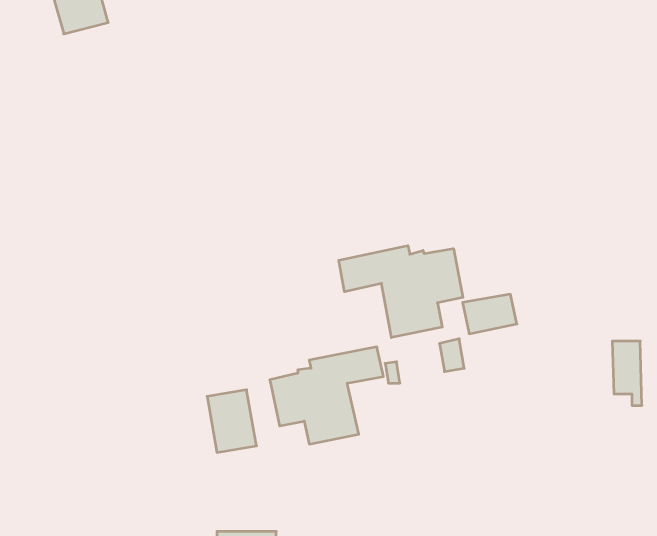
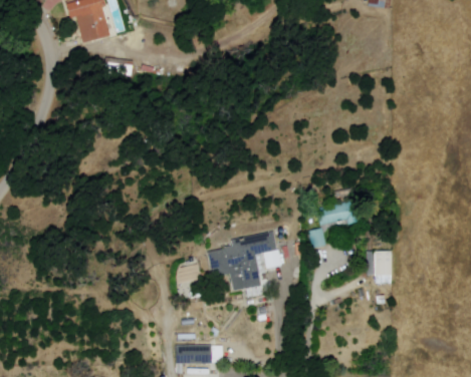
building: [339,246,463,338] -> none
building: [612,341,642,405] -> [375,253,393,292]

